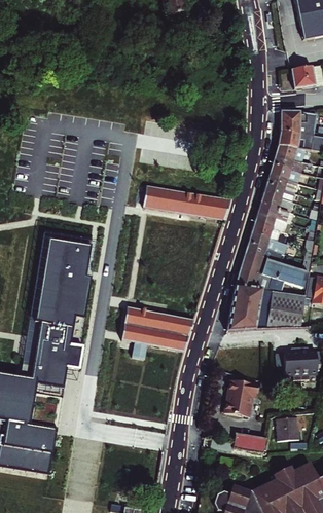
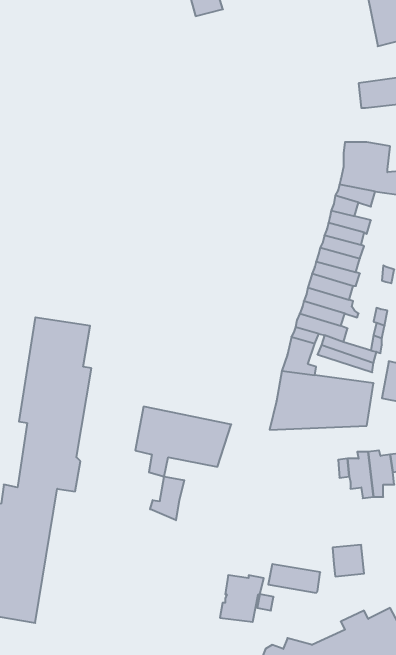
building: [146,188,232,222] -> none
building: none -> [150,476,184,520]
building: [223,380,256,415] -> [220,575,264,622]

